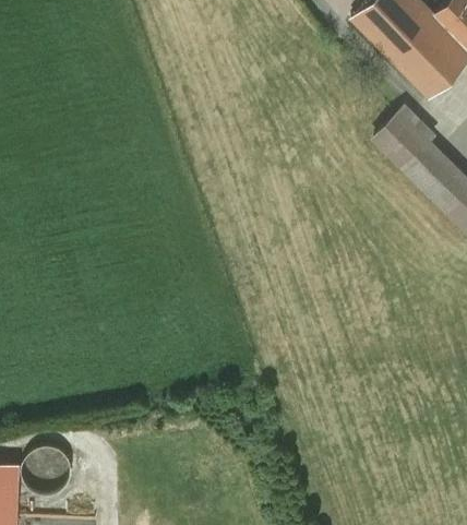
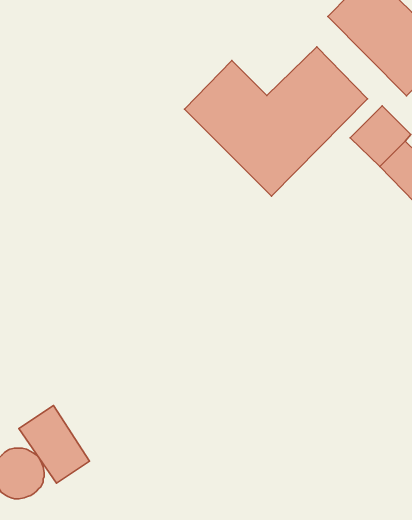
building: none -> [184,47,367,196]
building: none -> [19,405,90,483]

